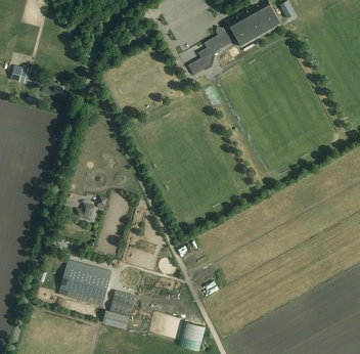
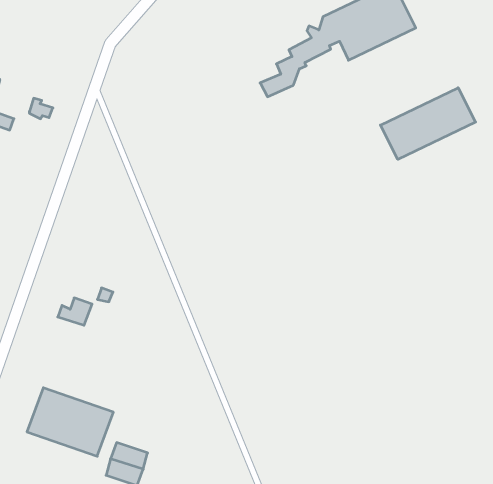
building: none -> [380,88,476,159]

